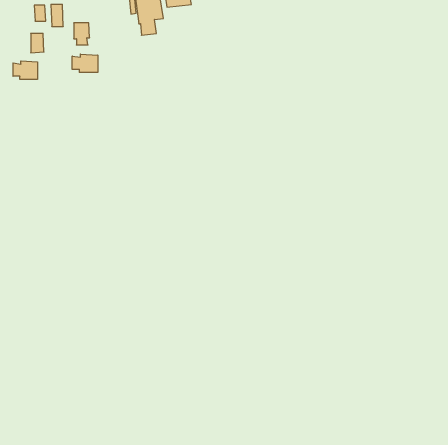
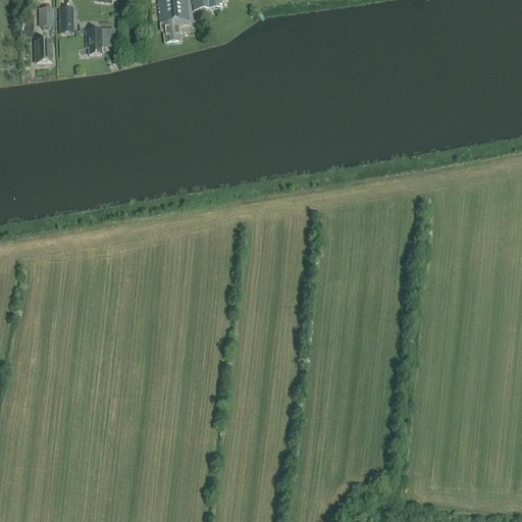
building: [72,54,98,72] -> none
building: [13,61,37,79] -> none

